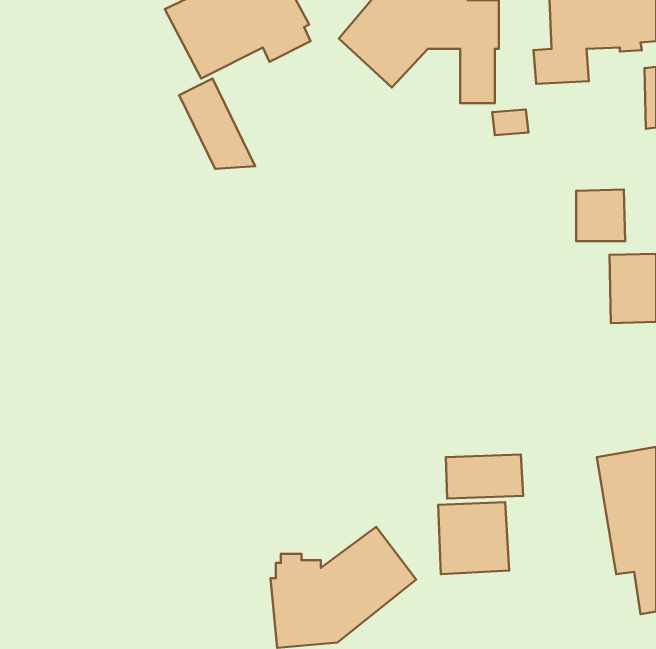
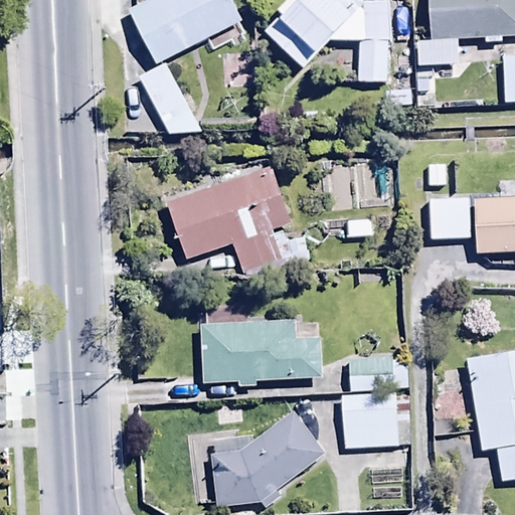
building: [576,190,625,241] -> [431,197,469,237]
building: none -> [167,167,290,274]
building: none -> [202,320,321,383]

